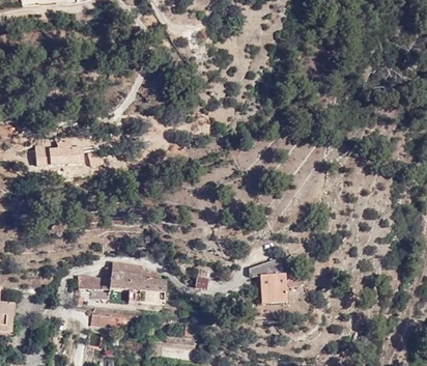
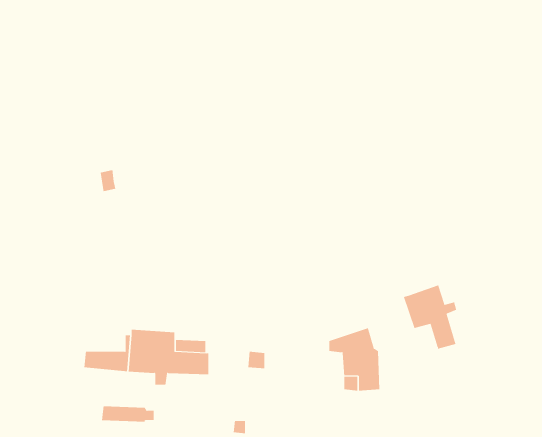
building: [38,141,85,162] -> none
building: none -> [403,285,457,350]

